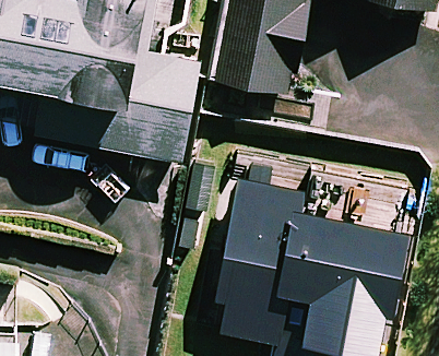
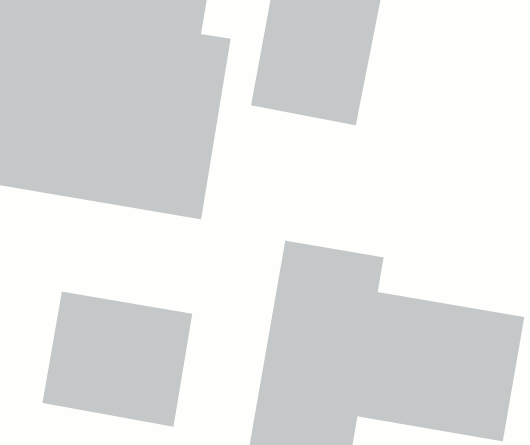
building: none -> [42,291,193,428]

